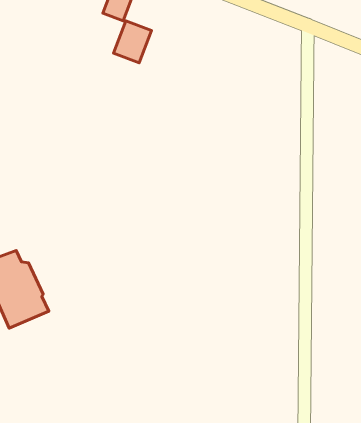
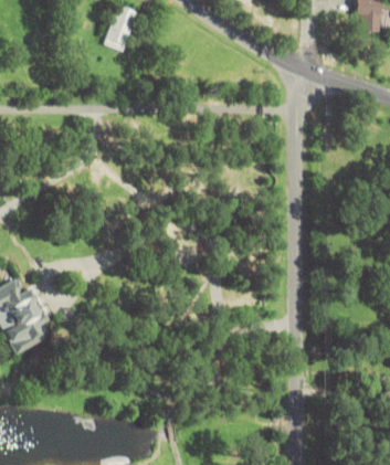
building: [113,21,151,63] -> none

